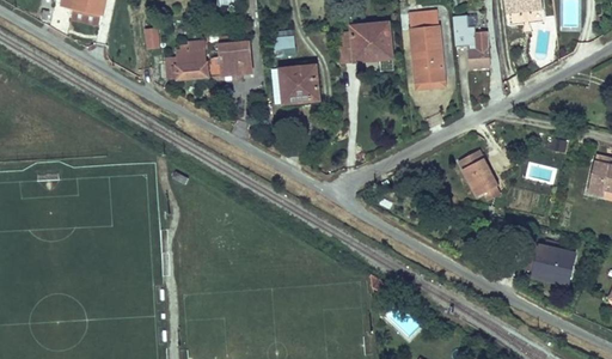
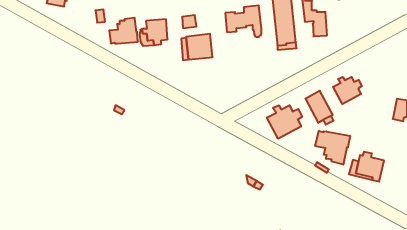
building: none -> [333,77,362,104]
building: none -> [267,105,302,139]
building: none -> [315,131,350,165]

